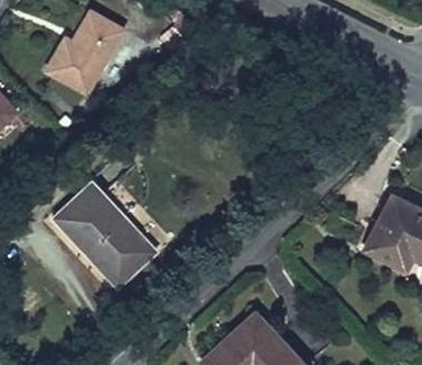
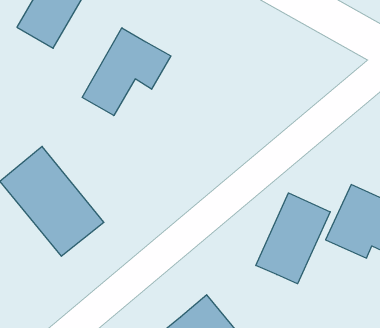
building: none -> [82,28,171,116]
building: none -> [256,193,330,284]

